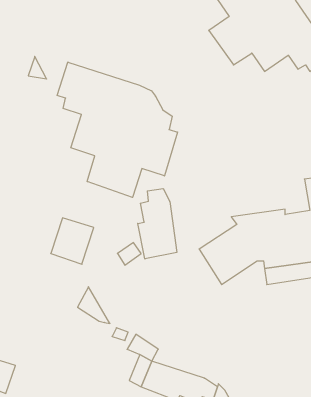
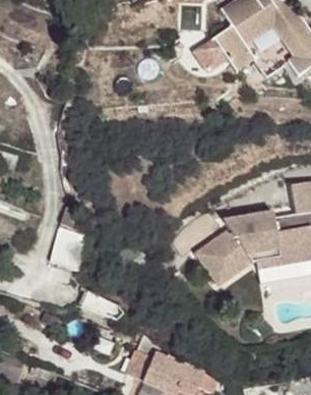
building: [57,62,178,197] -> none
building: [138,189,177,259] -> none

